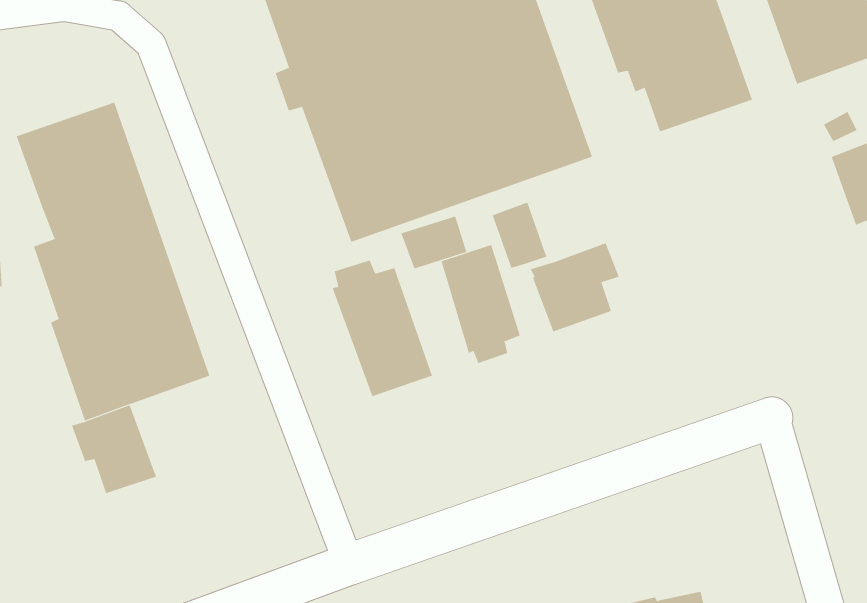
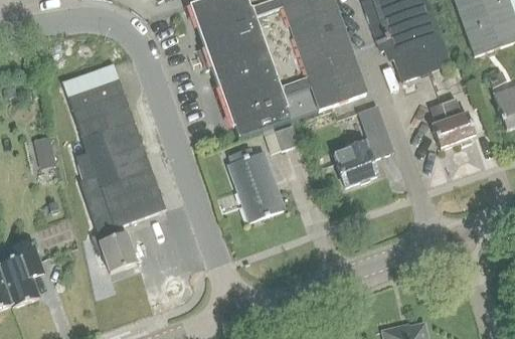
building: none -> [430,98,475,148]
building: [492,202,547,268] -> [356,105,385,140]
building: [441,244,521,364] -> none

